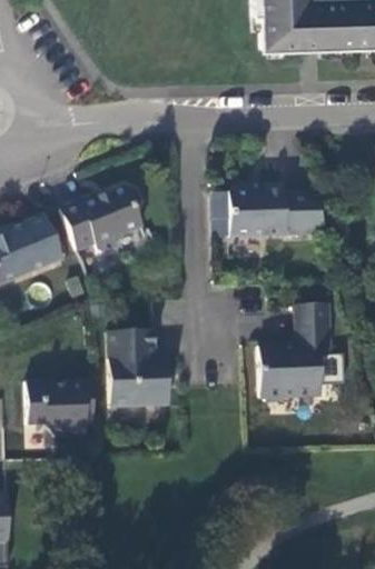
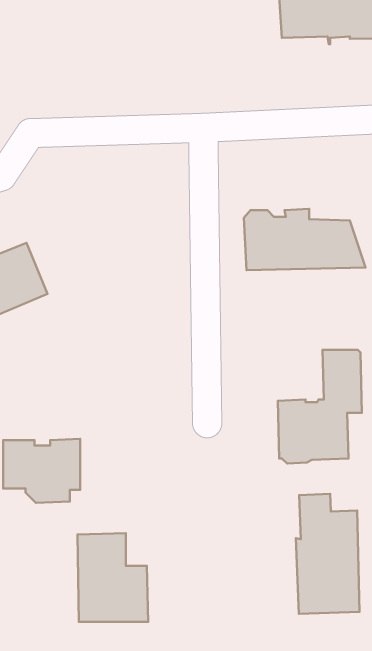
building: [61,186,142,251] -> none
building: [107,331,167,407] -> [78,533,148,622]
building: none -> [296,494,359,614]

